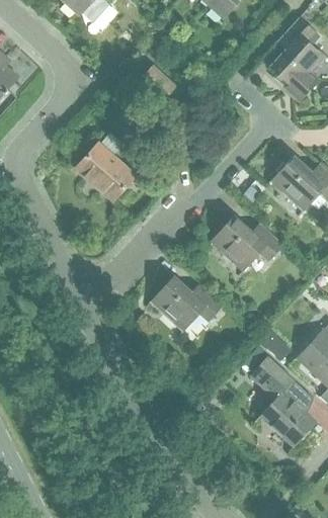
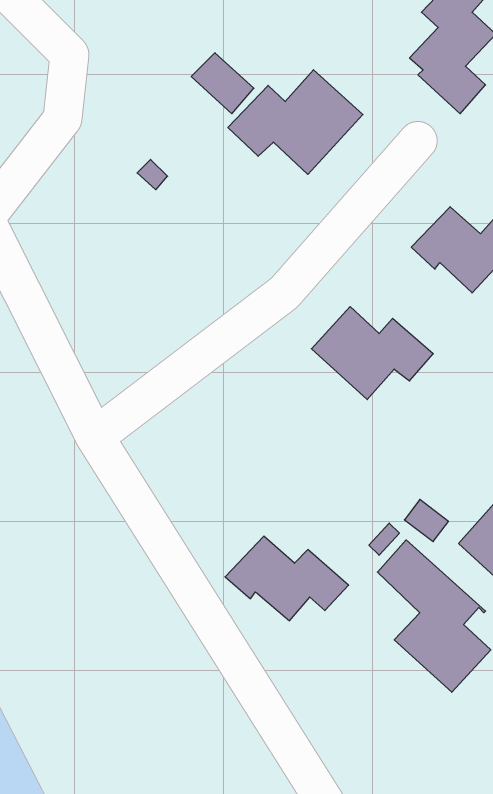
building: none -> [228,70,363,174]
building: [75,142,136,201] -> none
building: [151,276,225,327] -> [225,536,349,621]

